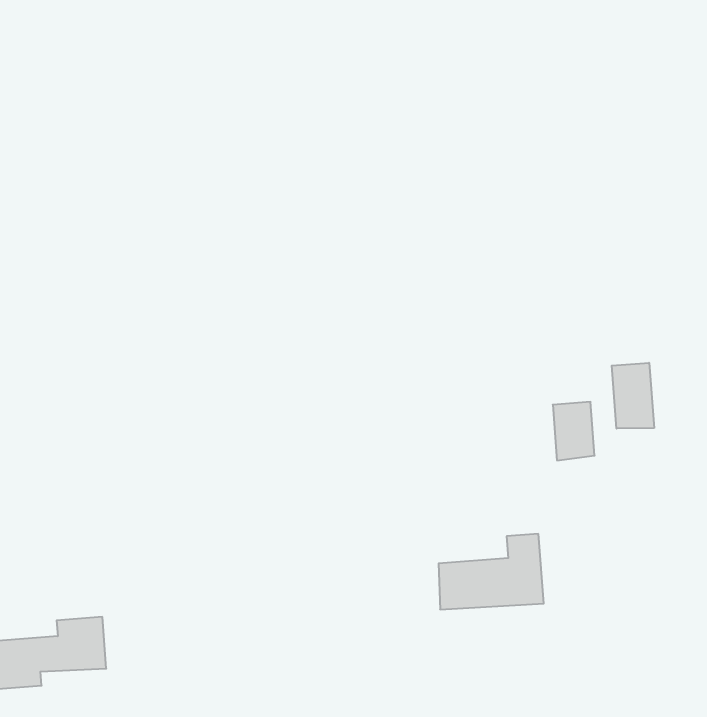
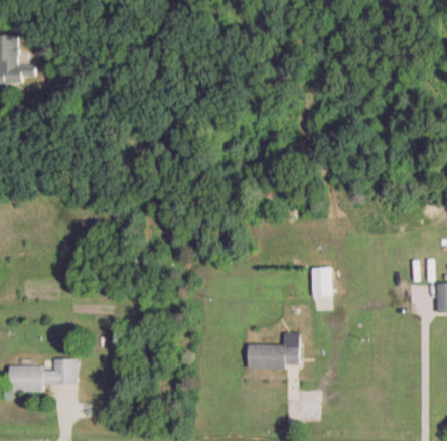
building: [612,363,654,429] -> none

